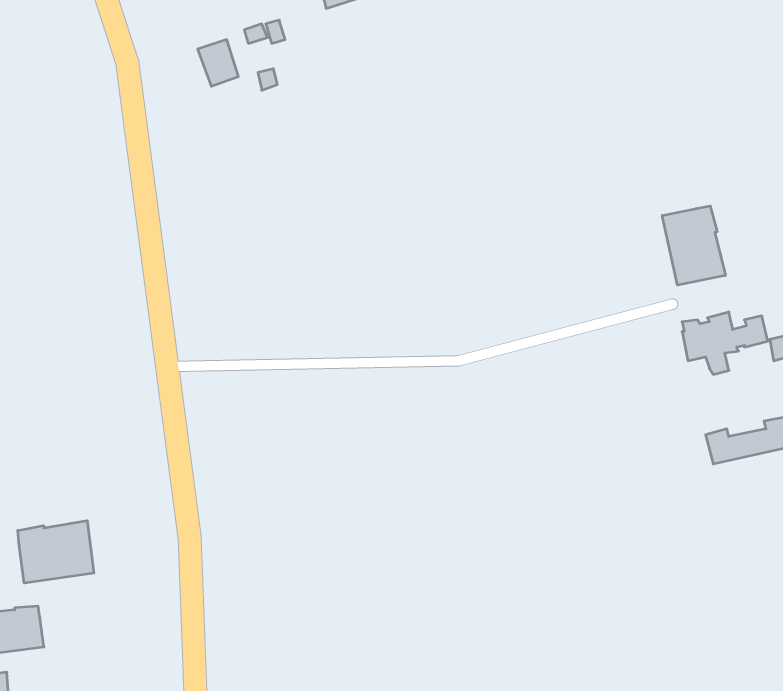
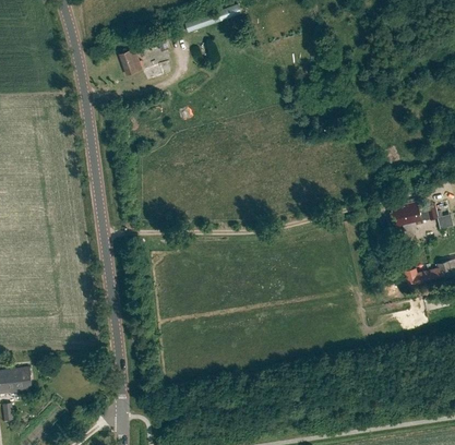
building: [662,206,725,285] -> none
building: [18,521,94,583] -> none

